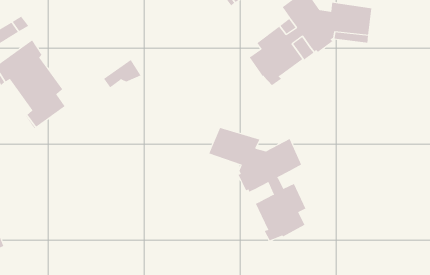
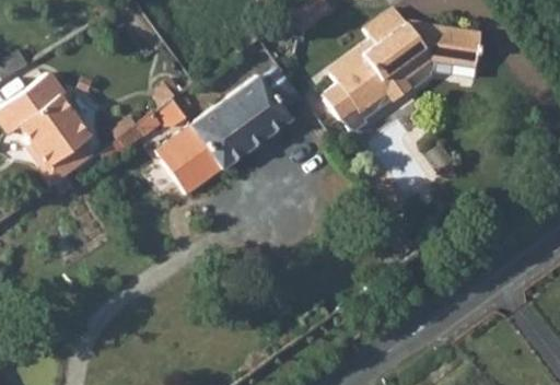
building: none -> [158,74,294,190]
building: [209,127,306,241] -> none

